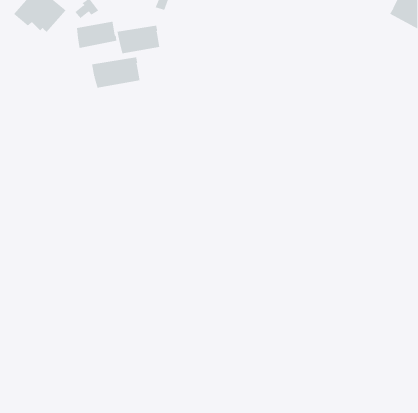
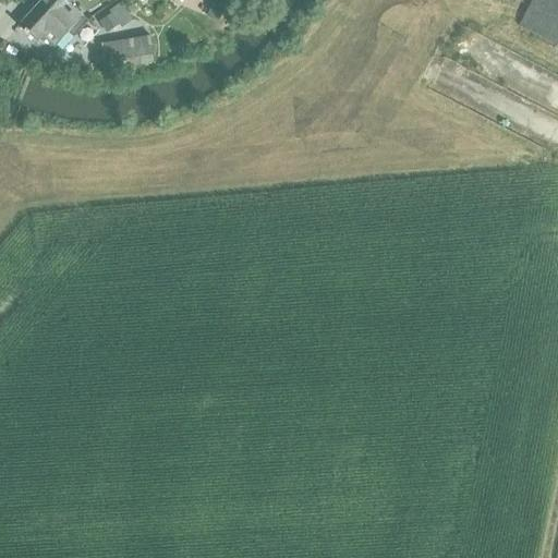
building: [117,25,160,54] -> none
building: [91,56,140,88] -> none

